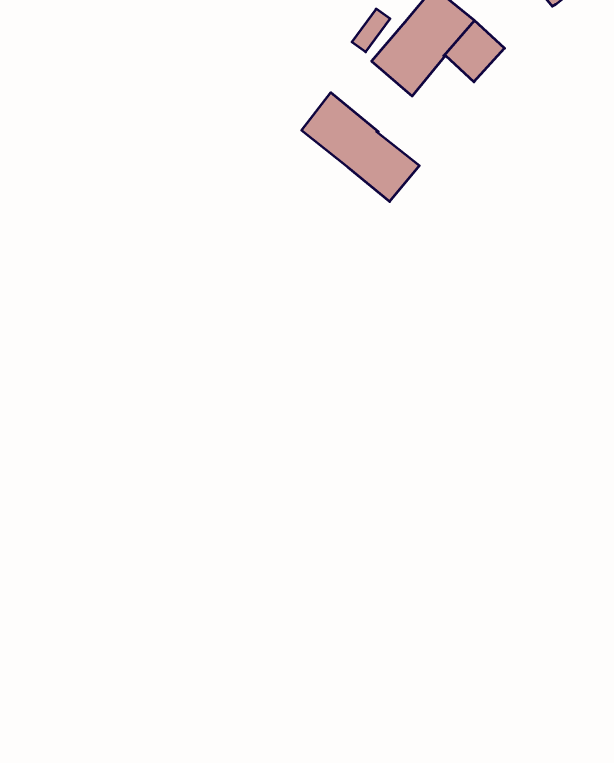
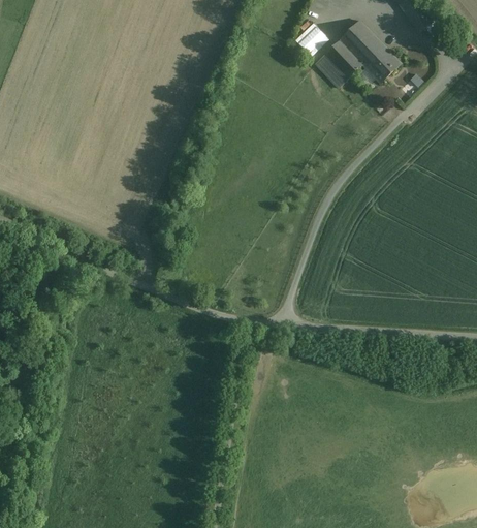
building: [302,93,419,202] -> none

